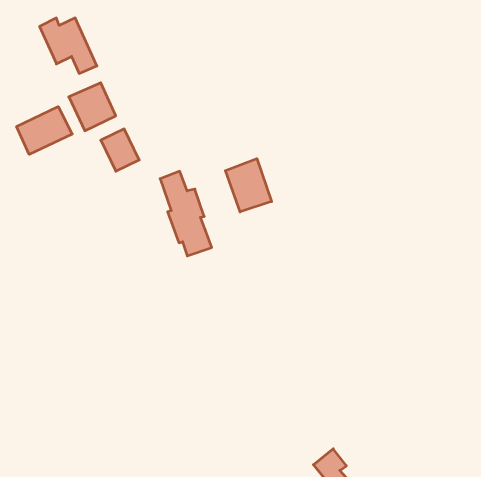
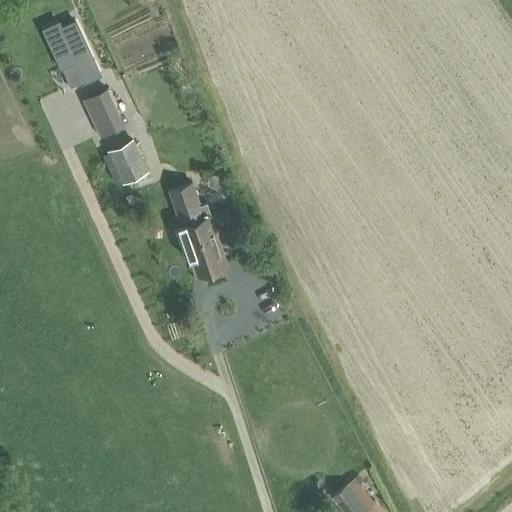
building: [17,107,72,154] -> none
building: [225,159,272,212] -> none

